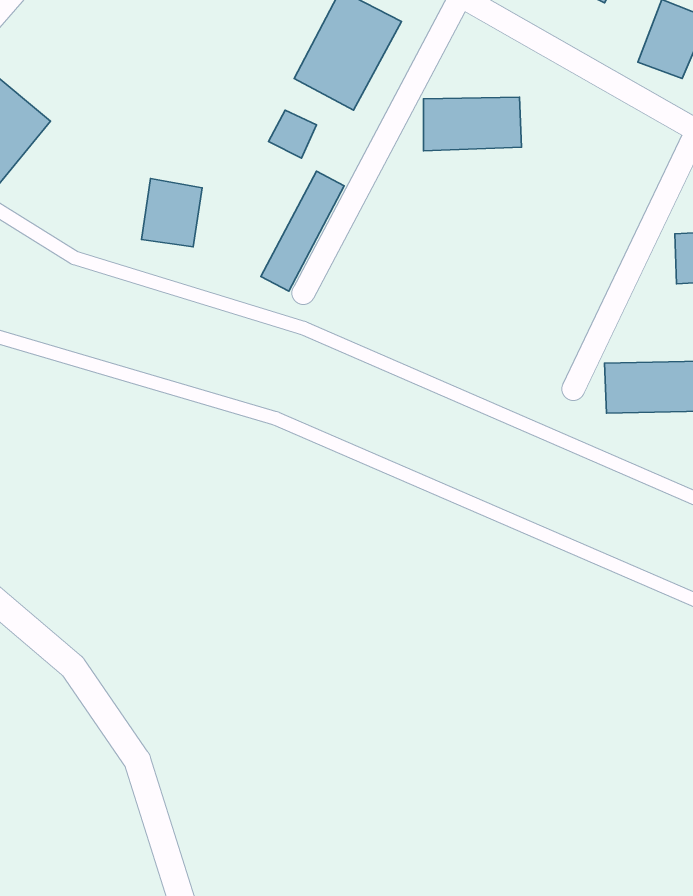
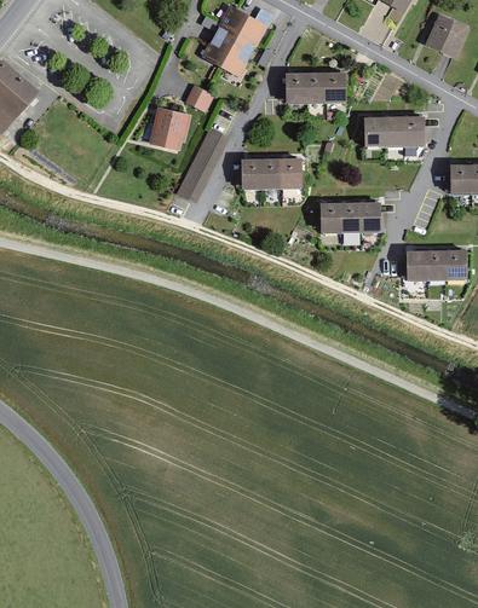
building: none -> [362,112,426,146]
building: [141,179,202,247] -> [150,106,190,151]
building: none -> [240,161,304,196]
building: none -> [319,202,384,236]

